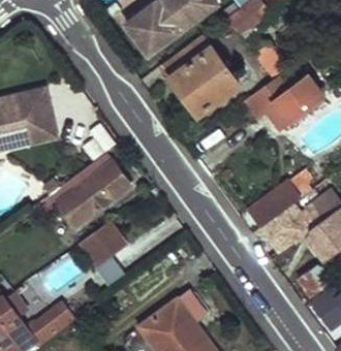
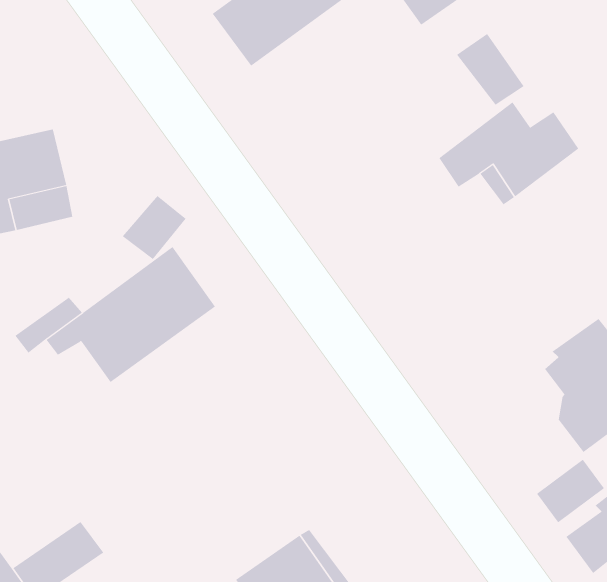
building: [162,35,239,117] -> none
building: [248,169,316,227] -> none
building: [83,222,127,265] -> none

